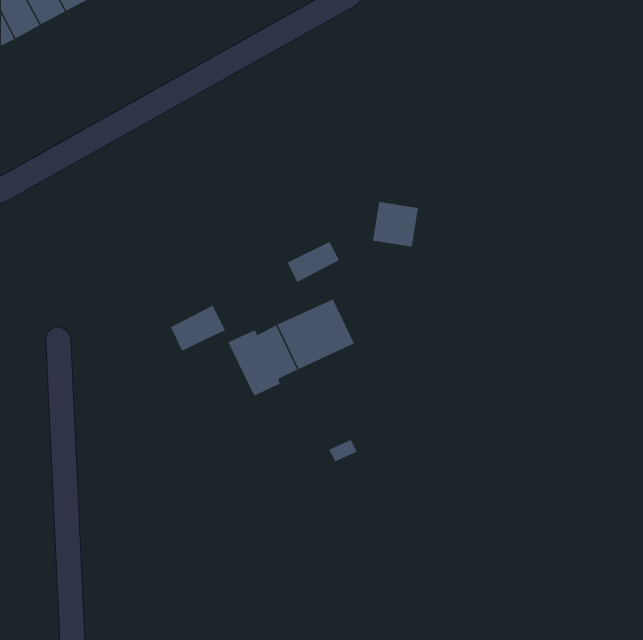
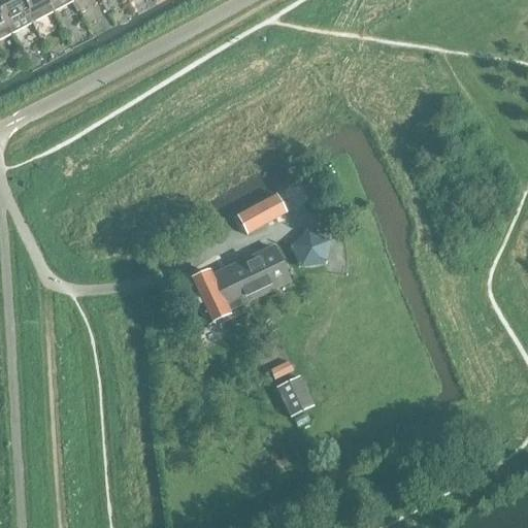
building: [372,202,419,247] -> [296,226,334,263]
building: [170,305,226,351] -> none
building: none -> [275,372,316,416]

